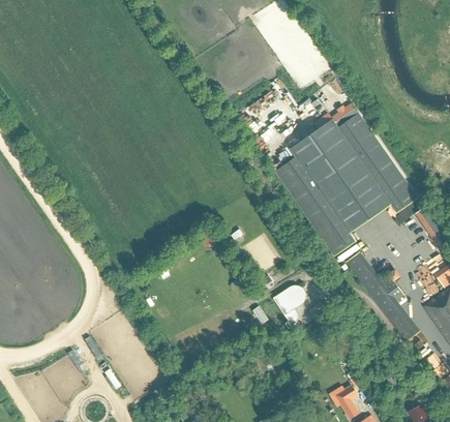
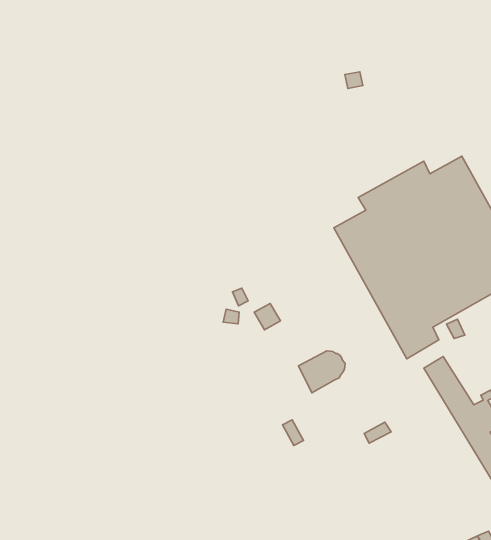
building: [273,285,305,315] -> [298,351,345,393]

